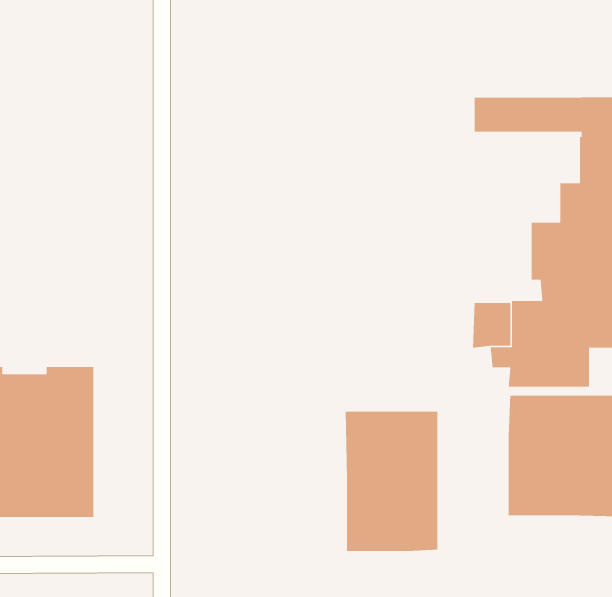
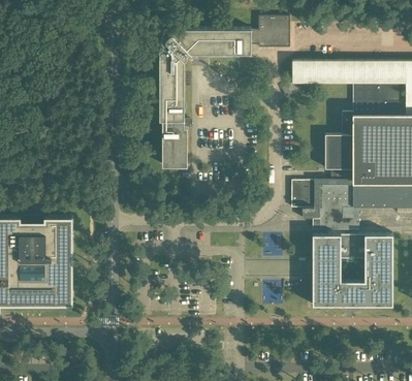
building: none -> [159,17,290,166]
building: [345,411,438,552] -> none

